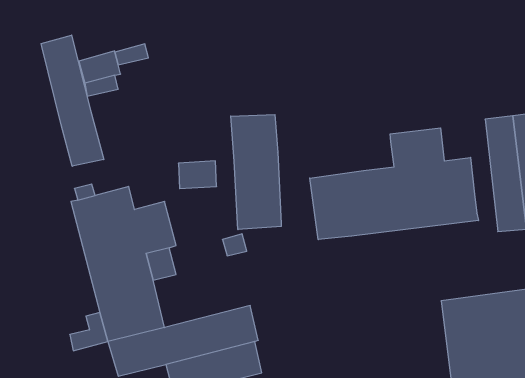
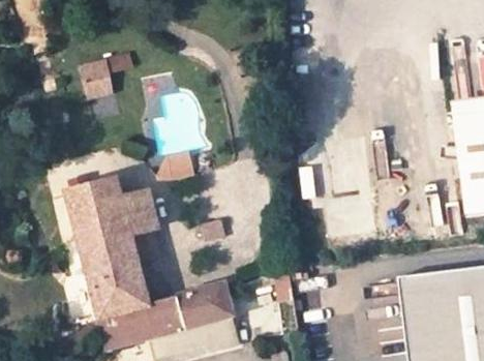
building: [41,35,104,166] -> none
building: [231,115,281,230] -> none
building: [310,128,478,240] -> none

